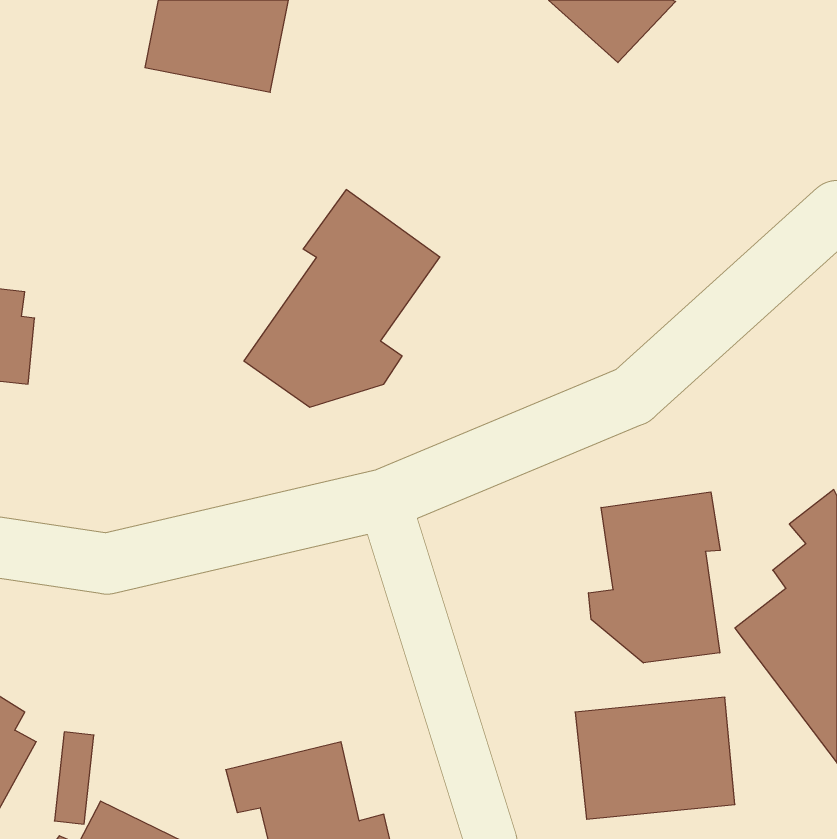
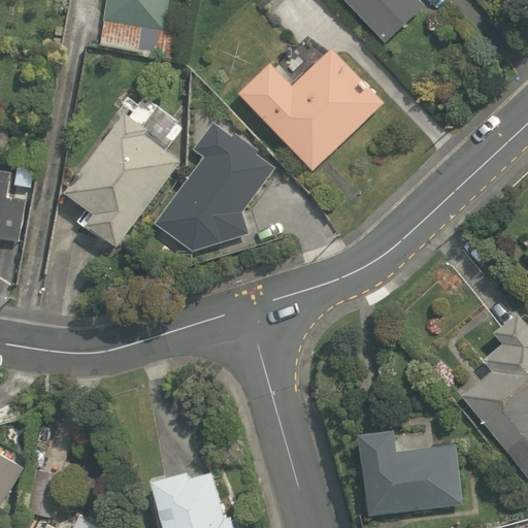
building: none -> [237,38,387,170]
building: none -> [64,110,178,248]
building: [589,492,720,663] -> none

